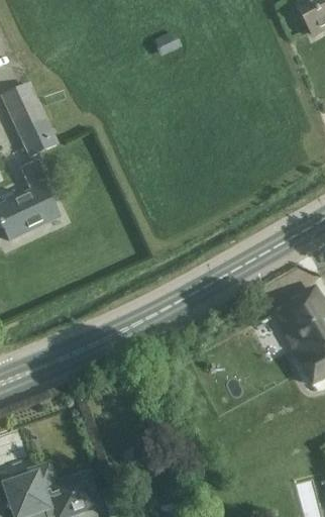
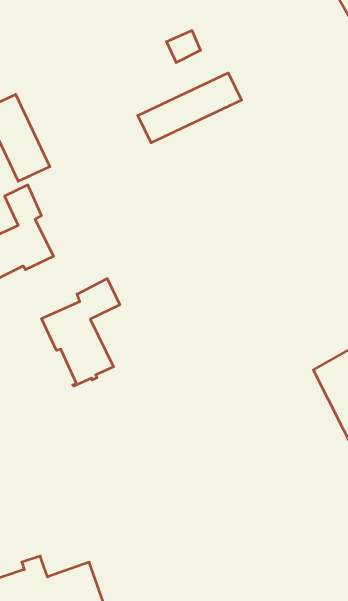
building: none -> [138,73,242,143]
building: none -> [42,279,120,386]

